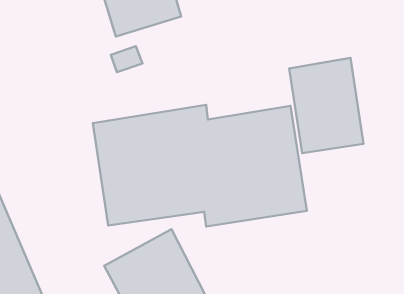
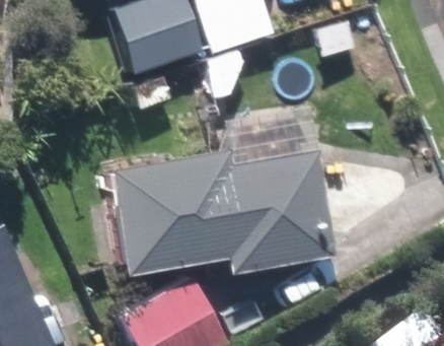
building: [289,58,363,153] -> none

